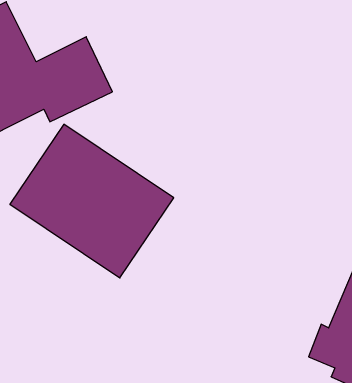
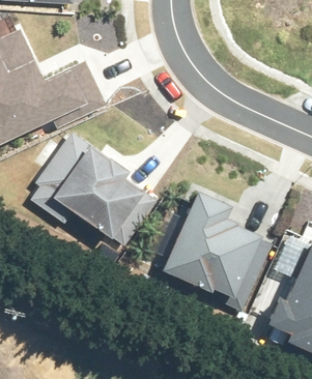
building: none -> [164,194,276,313]

